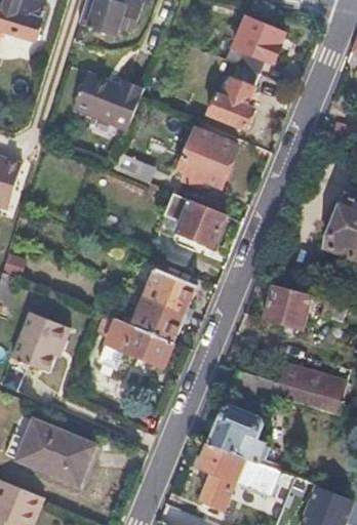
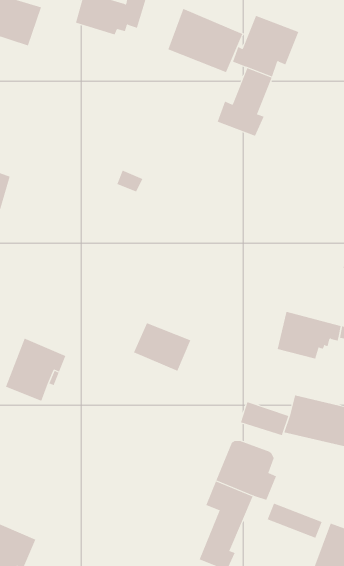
building: [72,71,142,130] -> [167,8,243,73]
building: [180,128,237,187] -> none
building: [163,193,225,245] -> none
building: [145,269,196,314] -> none
building: [95,314,173,367] -> none
building: [15,419,93,482] -> none

